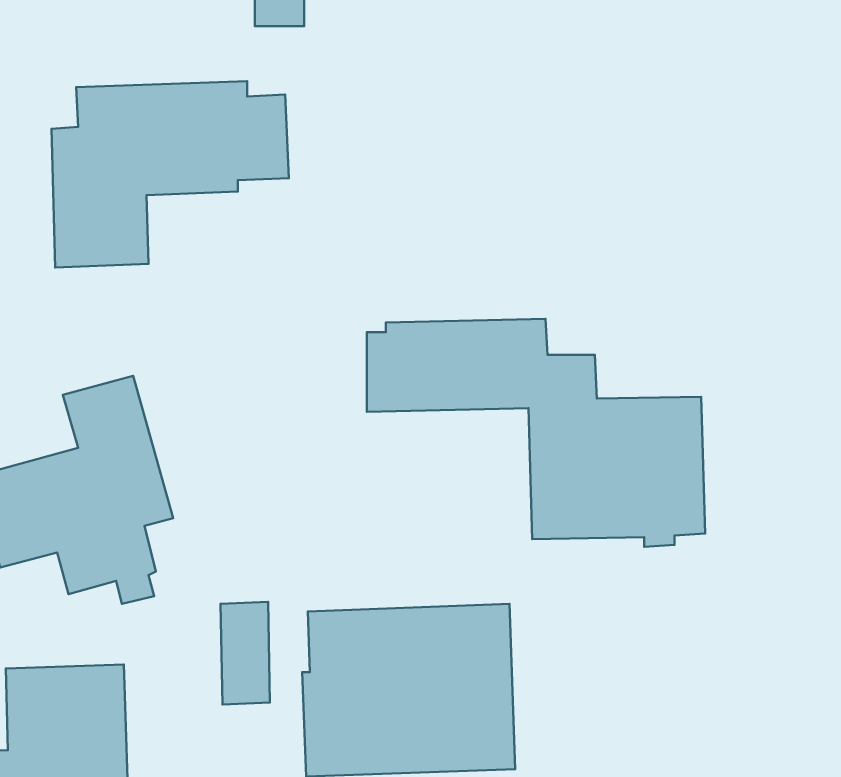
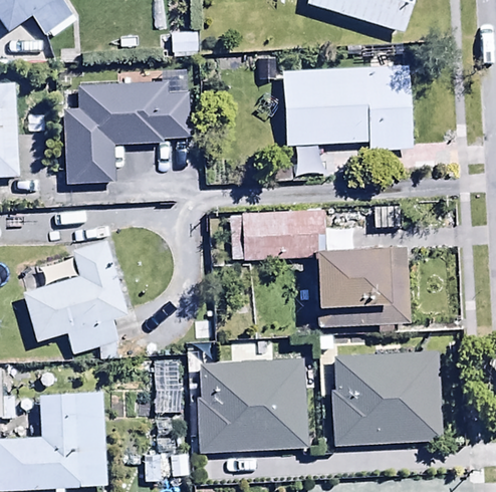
building: none -> [282,64,414,151]
building: none -> [331,351,444,444]

